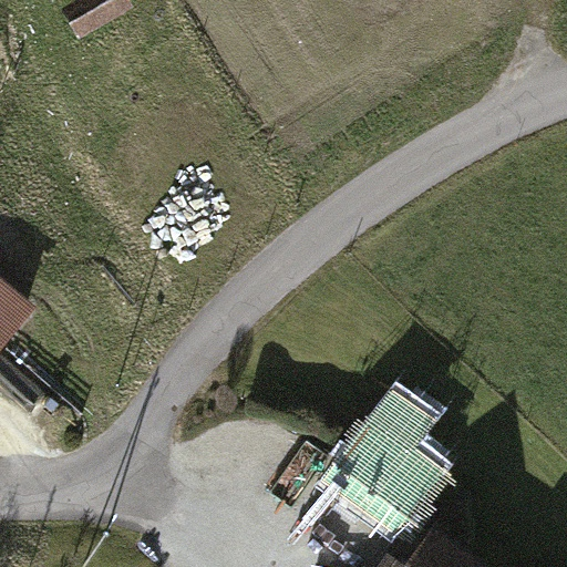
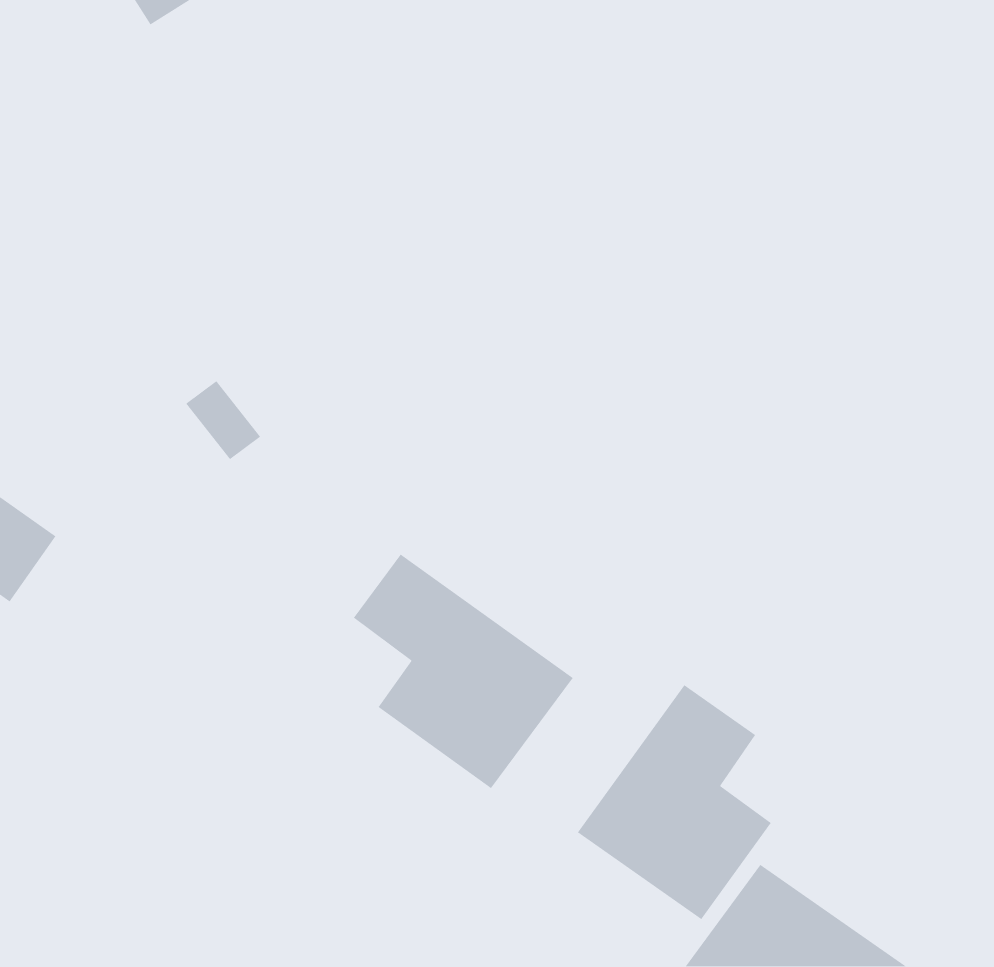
building: none -> [353,554,574,789]

